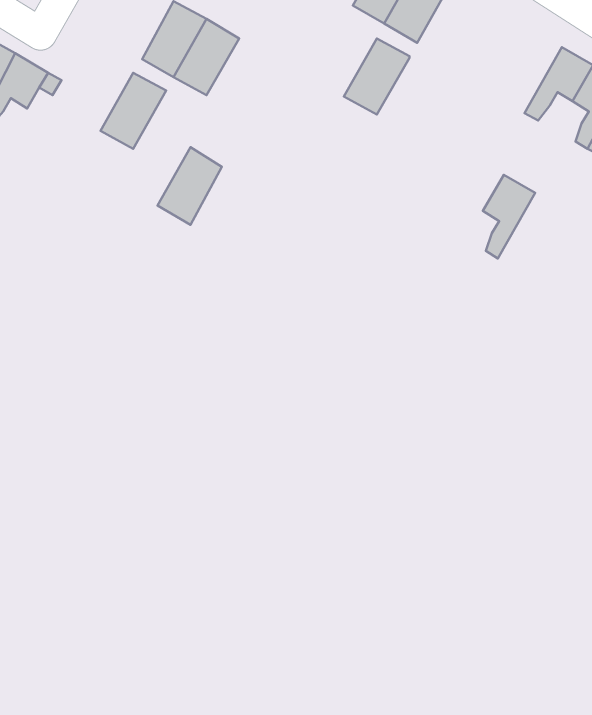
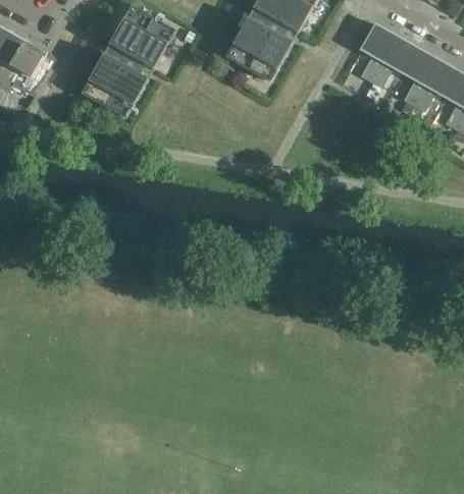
building: none -> [225,17,269,69]
building: [158,147,222,225] -> [103,65,147,118]
building: [483,175,535,258] -> [360,23,396,80]

